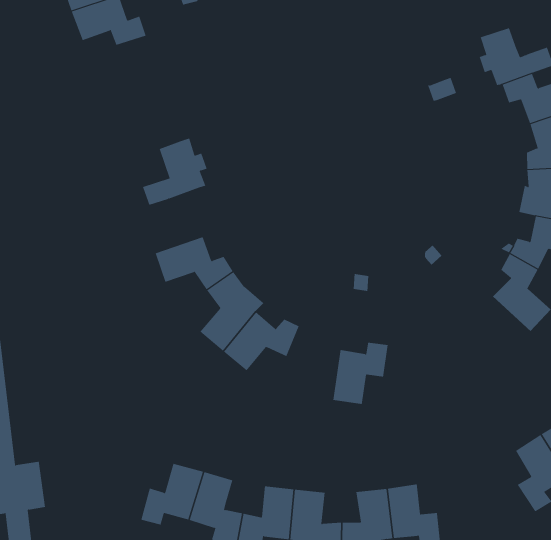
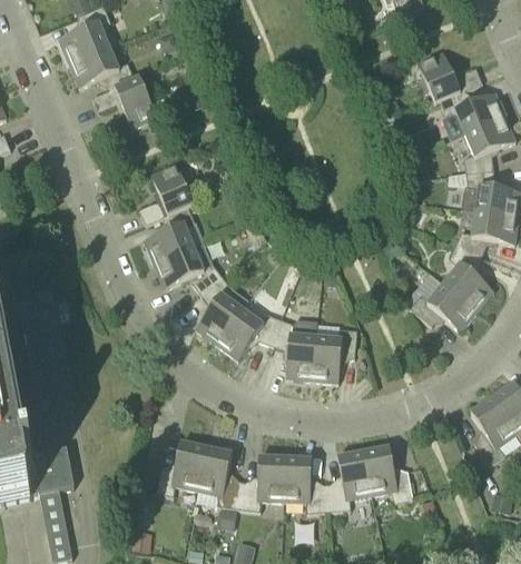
building: none -> [91,76,156,126]
building: none -> [142,205,195,263]
building: none -> [409,281,476,330]
building: none -> [271,317,315,378]

